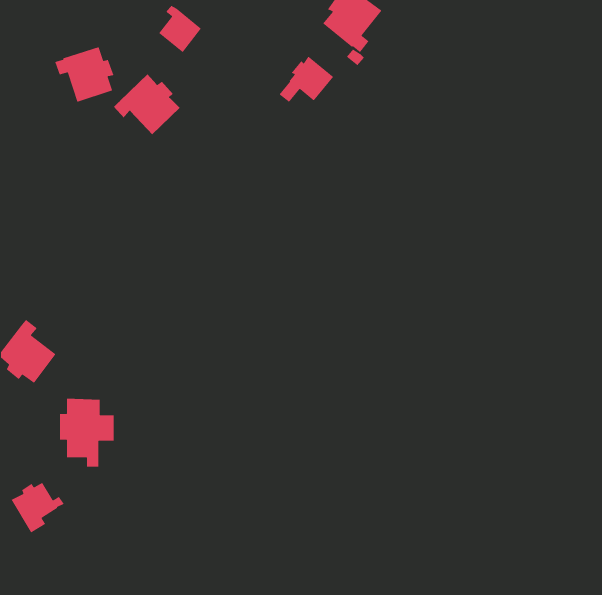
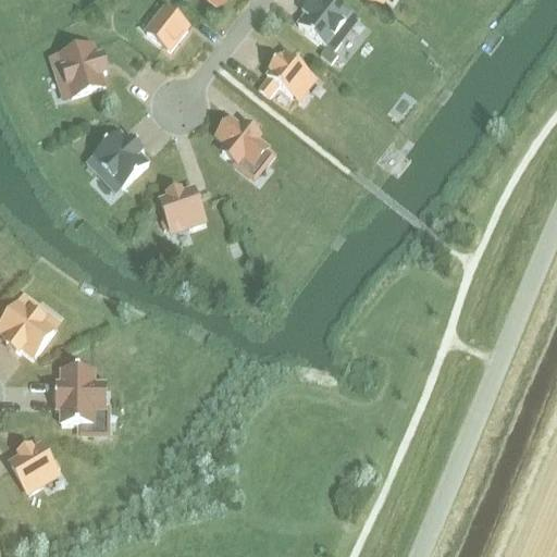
building: [113,74,181,135] -> [87,129,149,186]
building: none -> [218,117,273,162]
building: none -> [161,187,205,227]

